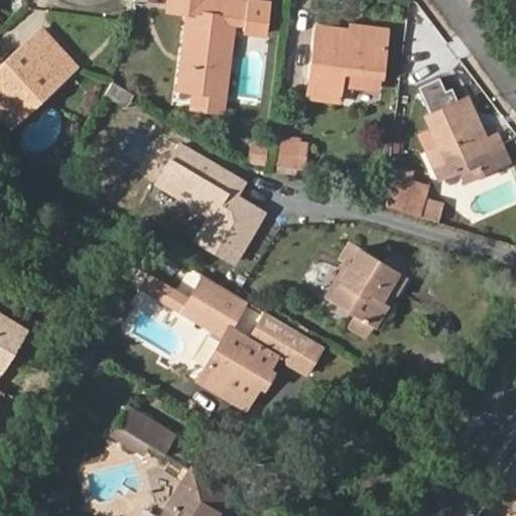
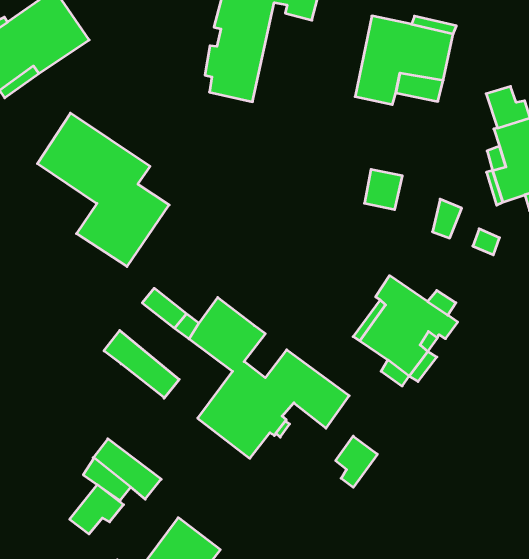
building: [279,134,309,166] -> [364,169,402,210]
building: [154,137,269,263] -> [37,113,169,267]
building: none -> [104,330,179,398]
building: none -> [336,436,377,487]
building: none -> [70,485,124,534]

